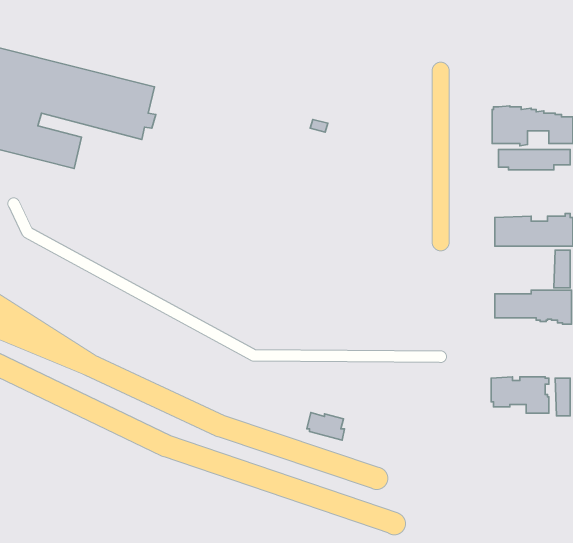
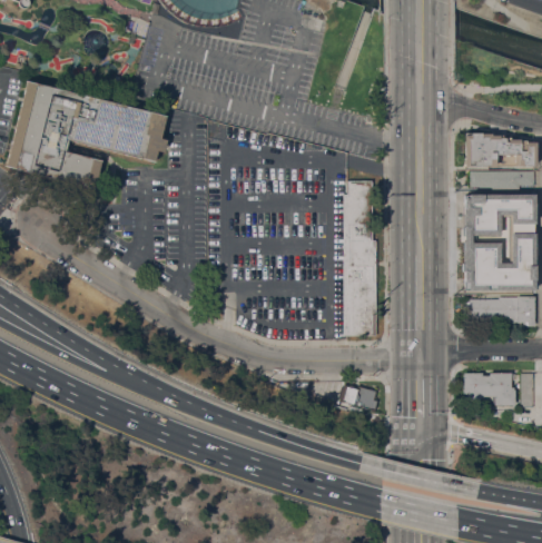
building: none -> [343,180,376,336]
building: none -> [469,192,530,221]
building: none -> [466,261,514,290]
building: [307,413,345,440] -> [344,386,377,411]

